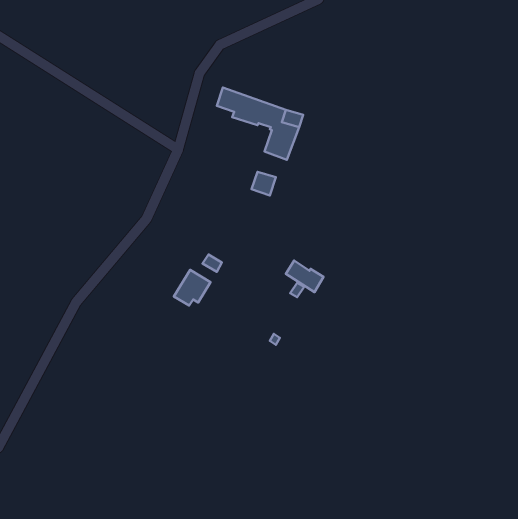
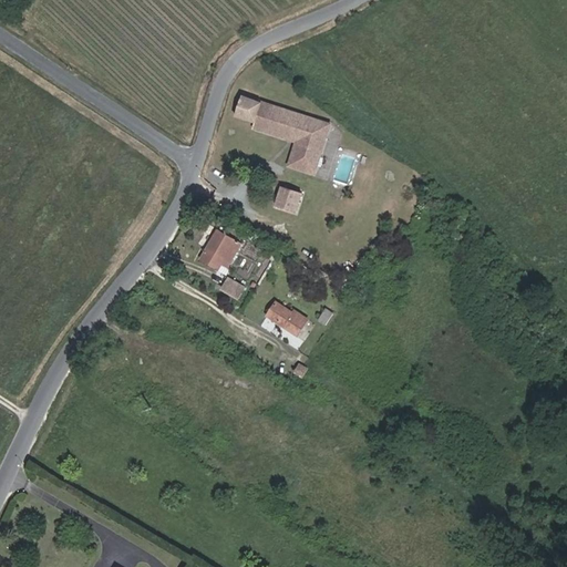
building: [286,261,324,292] -> [265,300,306,334]
building: [174,270,210,306] -> [198,229,238,268]

